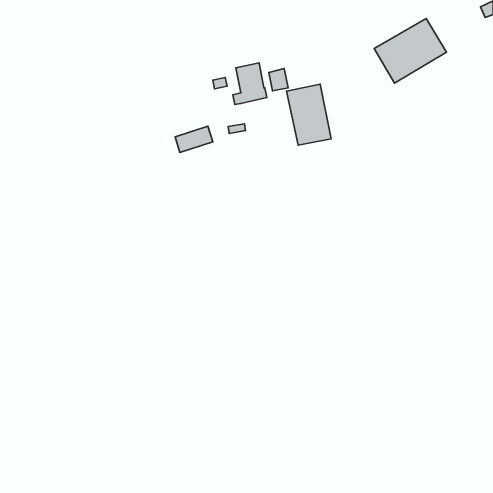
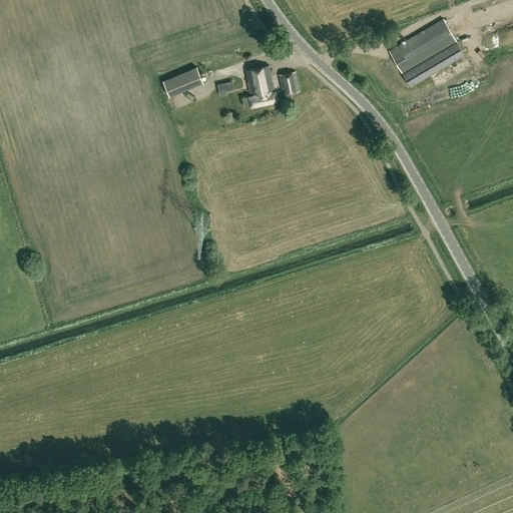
building: [286,84,331,145] -> none
building: [175,126,213,152] -> [165,66,204,93]

